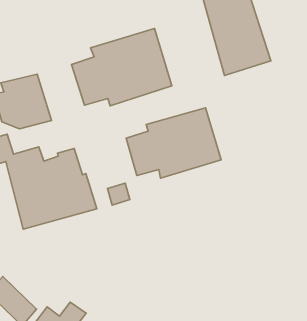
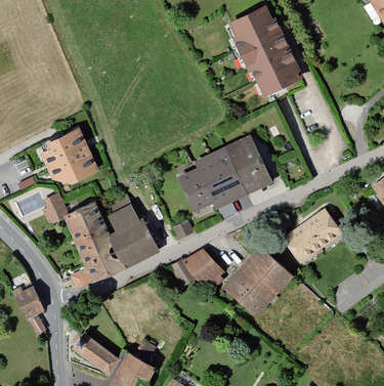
building: [72,29,172,106] -> none
building: none -> [283,208,343,263]
building: none -> [170,248,225,291]
building: none -> [224,245,296,317]

